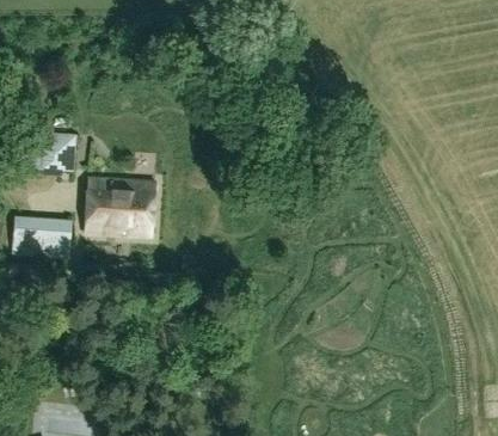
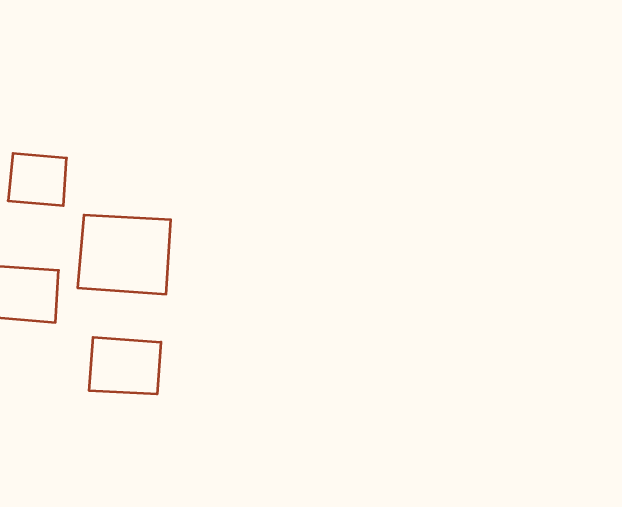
building: none -> [89,337,161,394]

